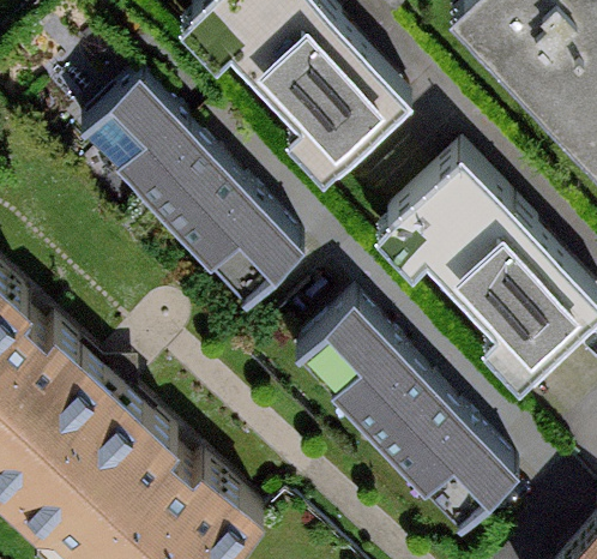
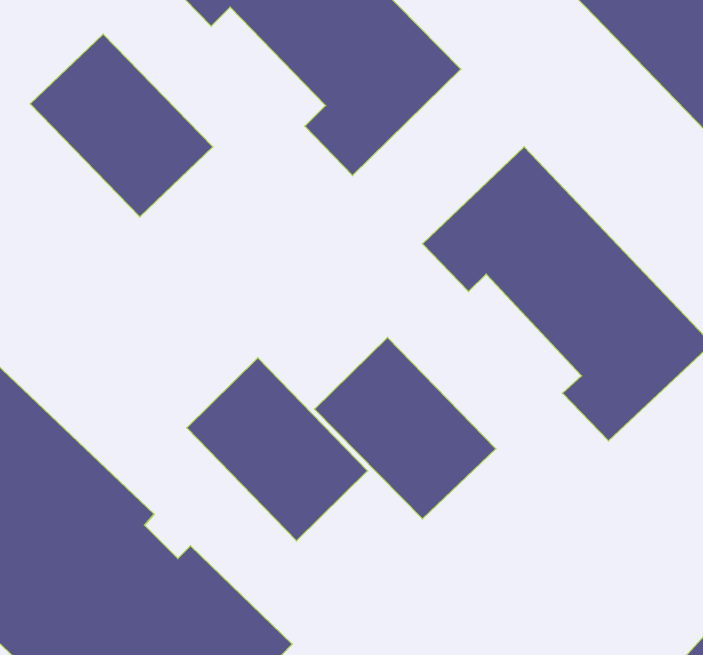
building: [163,161,298,297] -> none
building: none -> [187,358,368,541]
building: [376,389,513,525] -> none

